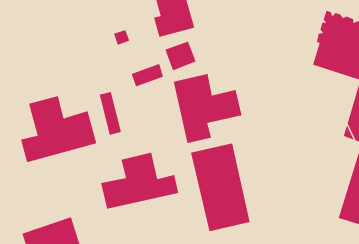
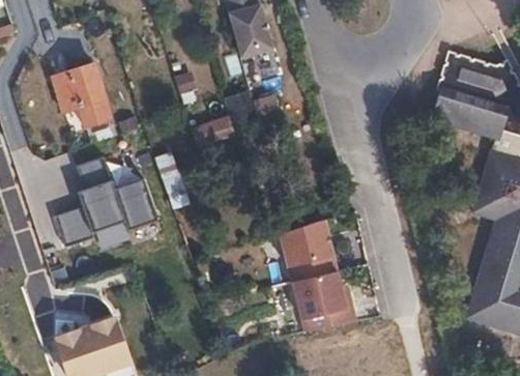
building: none -> [53,63,110,125]
building: [173,73,242,144] -> none
building: [101,152,179,210] -> none

